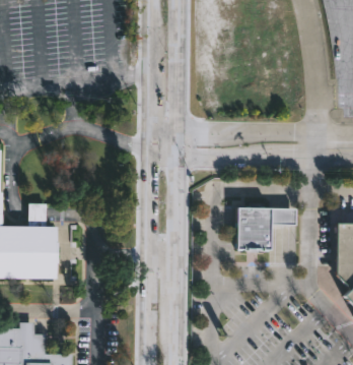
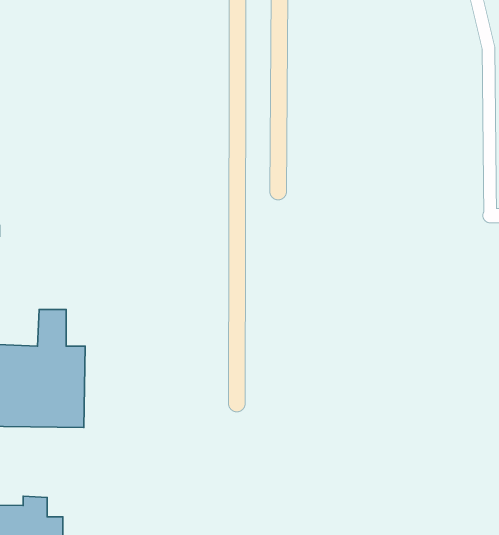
building: [243,208,301,251] -> none

